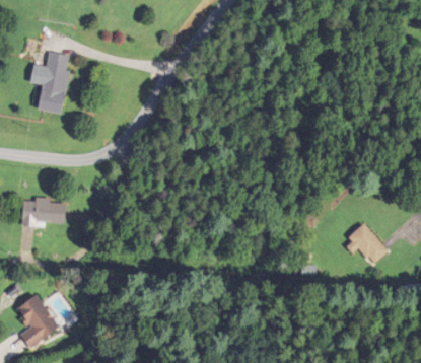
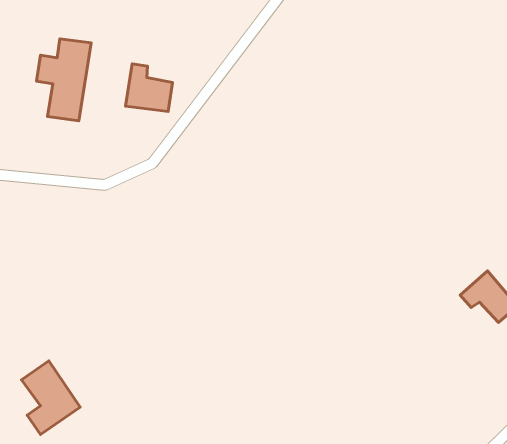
building: none -> [125,64,172,112]
building: [21,199,66,225] -> none

